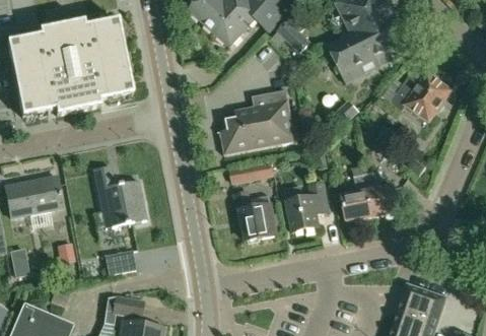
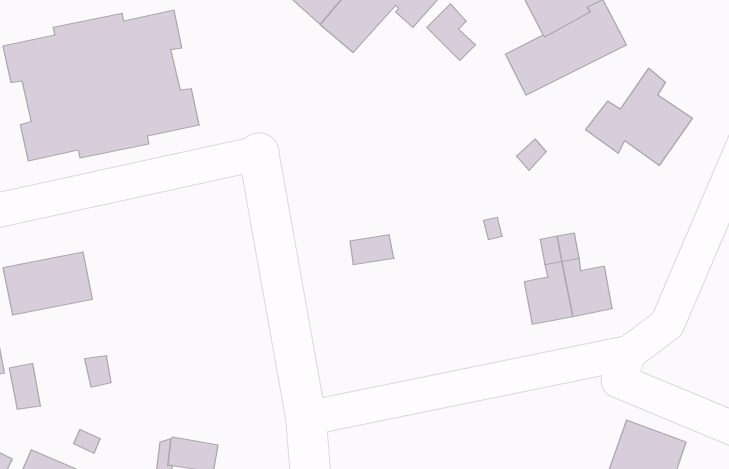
building: [220,89,296,154] -> none
building: [92,164,146,227] -> none
building: [287,183,331,234] -> none
building: [233,191,277,245] -> none
building: [107,250,136,273] -> none

